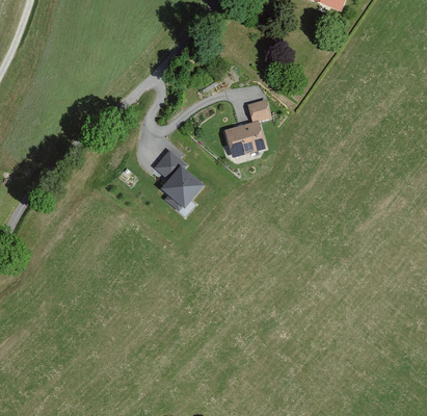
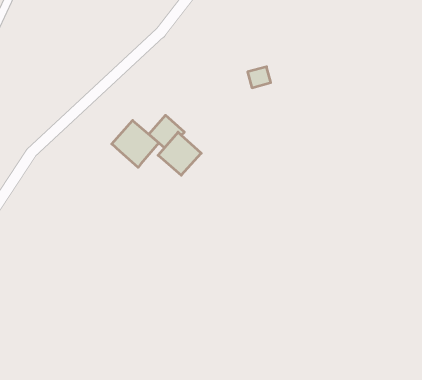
building: [225,122,267,158] -> none
building: none -> [112,120,159,167]

